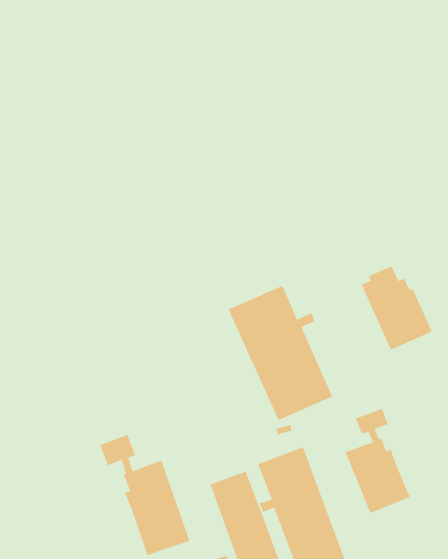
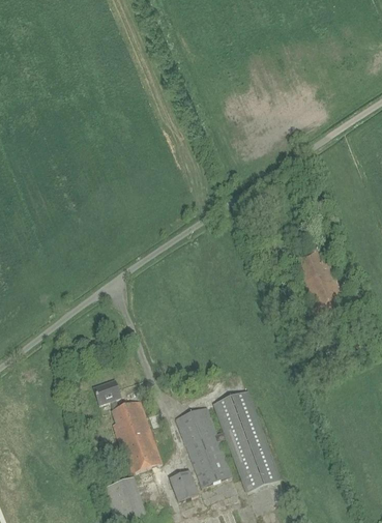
building: [227,285,333,421] -> none
building: [344,408,411,514] -> none

